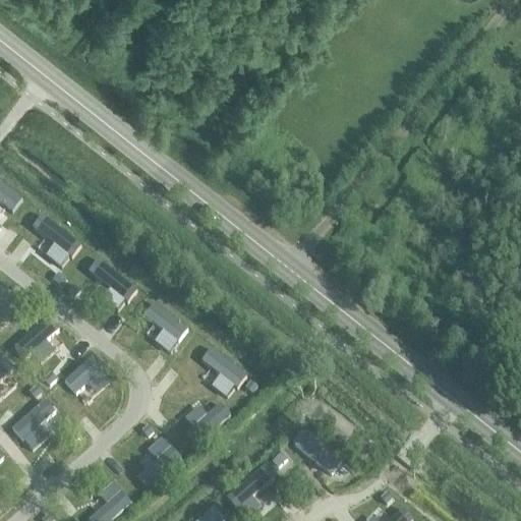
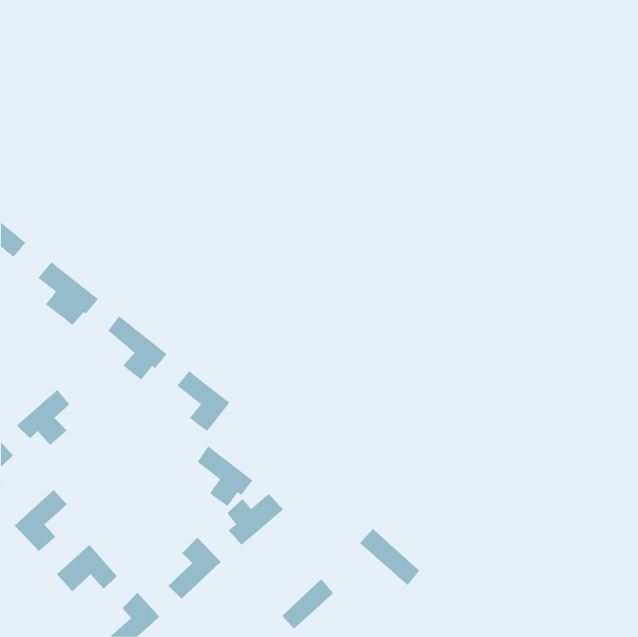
building: [201,346,247,396] -> [197,445,253,507]
building: [65,357,110,392] -> none
building: none -> [56,544,118,592]

